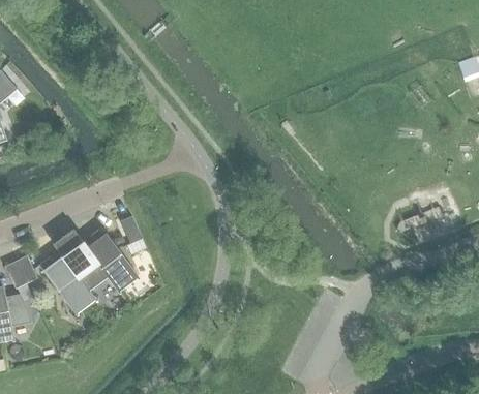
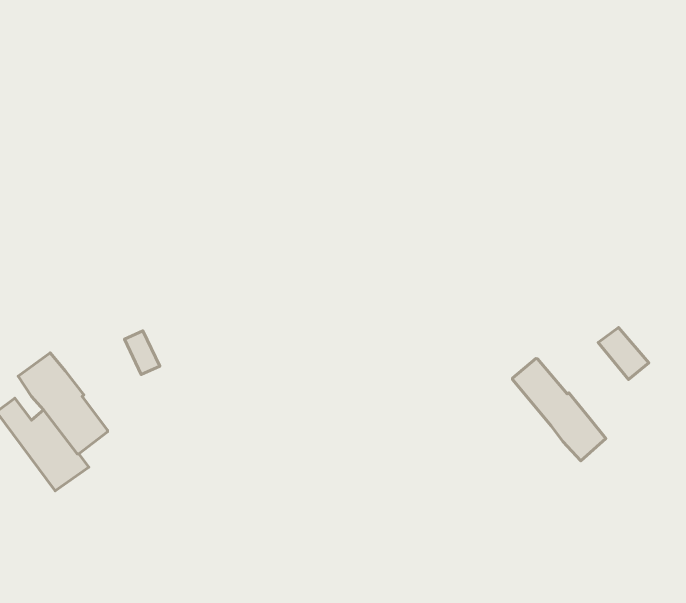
building: [89,228,138,292] -> none
building: none -> [513,358,606,461]

